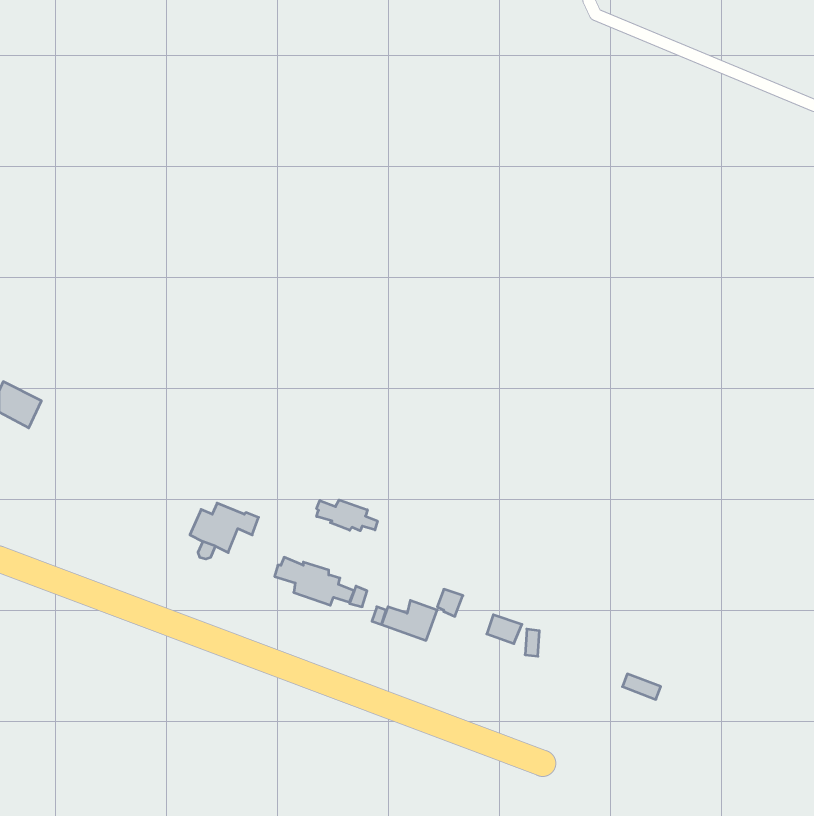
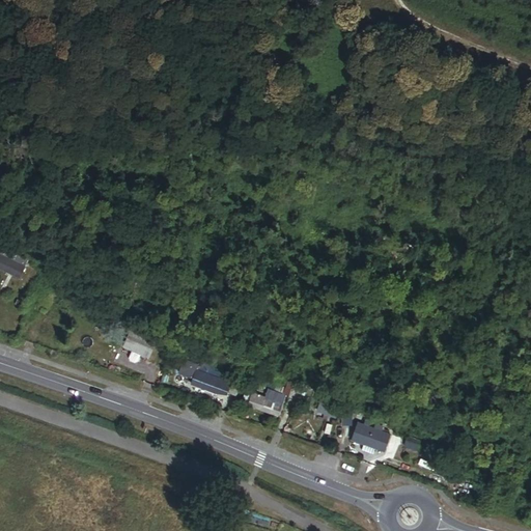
building: [317,500,377,531] -> none
building: none -> [351,421,390,452]

